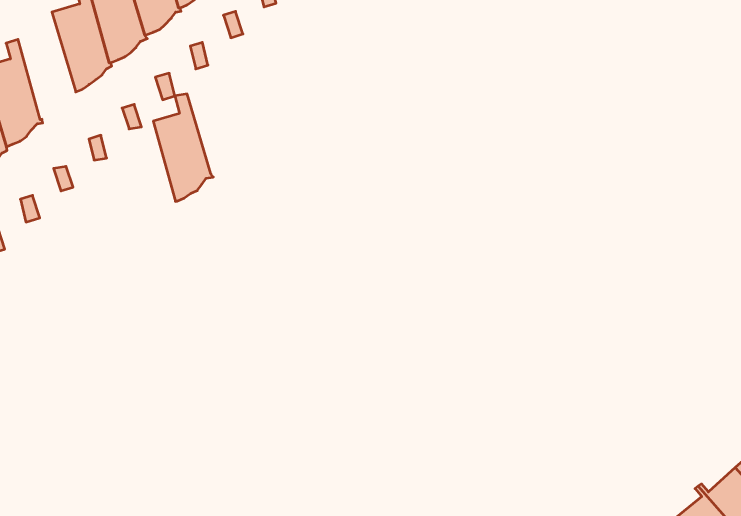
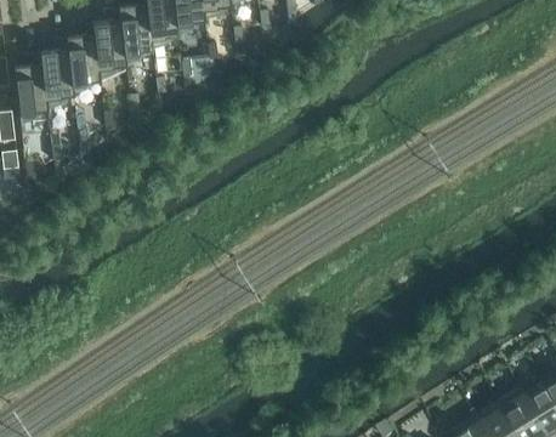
building: [153,94,213,201] -> [68,23,102,93]

